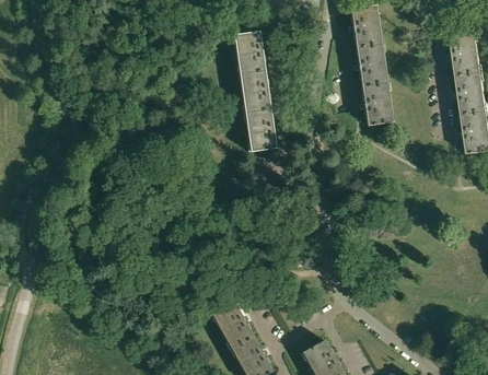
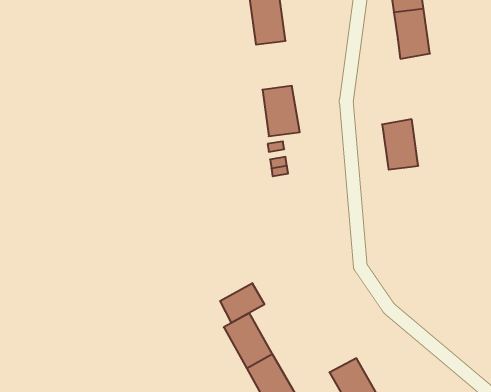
building: [240,71,270,113] -> none
building: [362,82,393,125] -> [382,119,418,170]
building: none -> [220,283,264,323]

